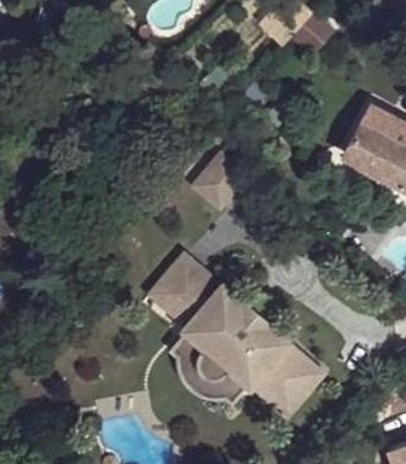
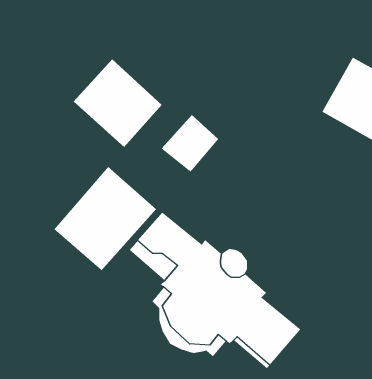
building: none -> [73,58,162,148]
building: none -> [53,166,157,271]

